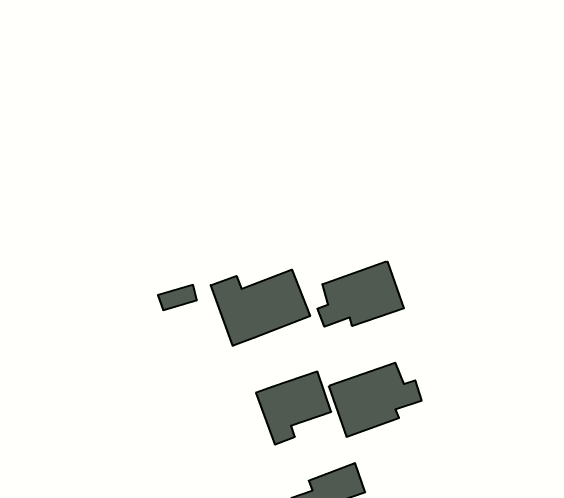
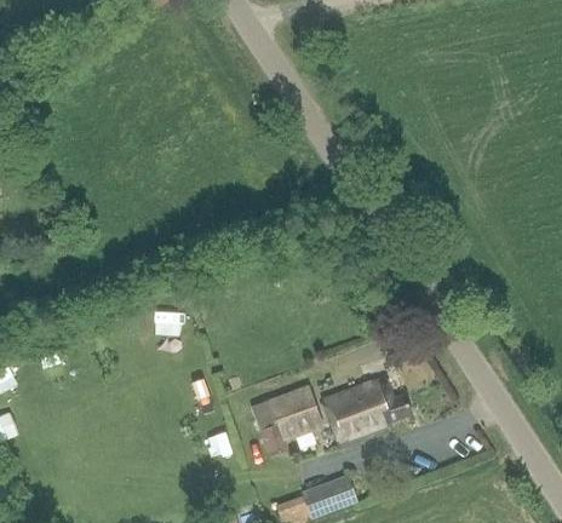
building: [317,262,404,327] -> none
building: [211,270,310,346] -> none

